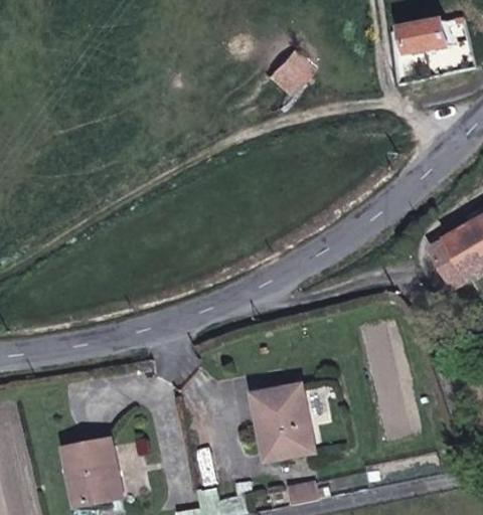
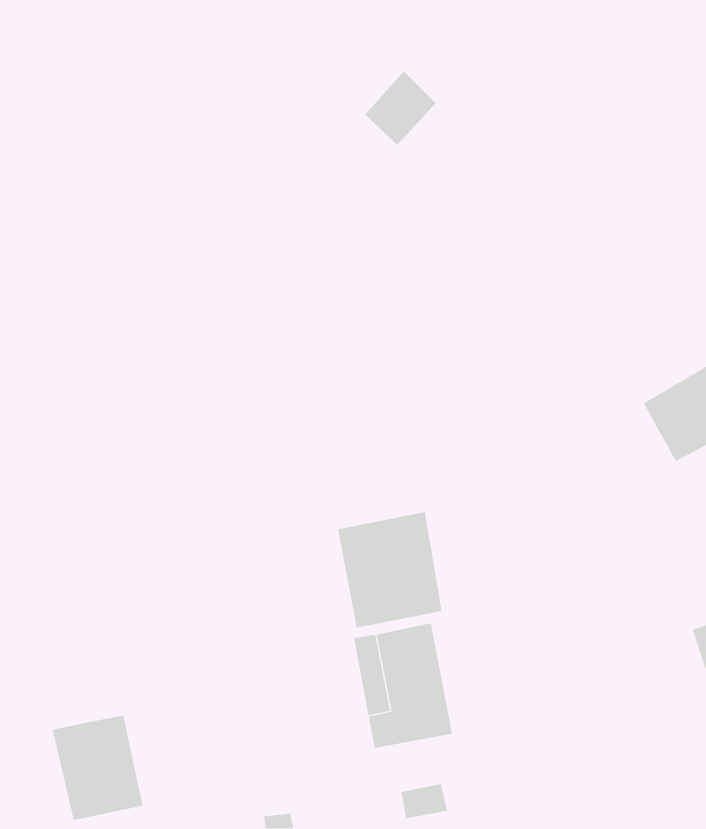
building: [398,15,442,49] -> none
building: none -> [337,511,443,629]

